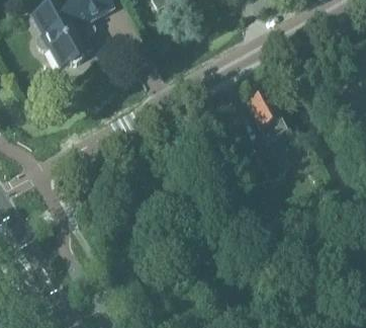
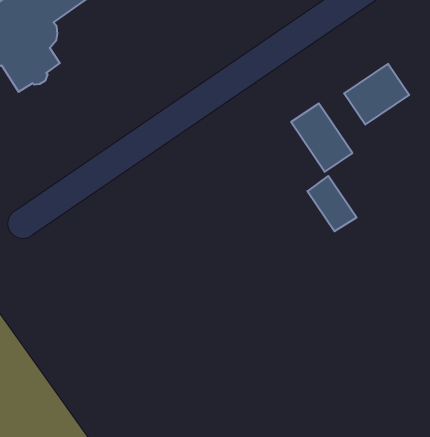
building: none -> [344,64,409,125]

